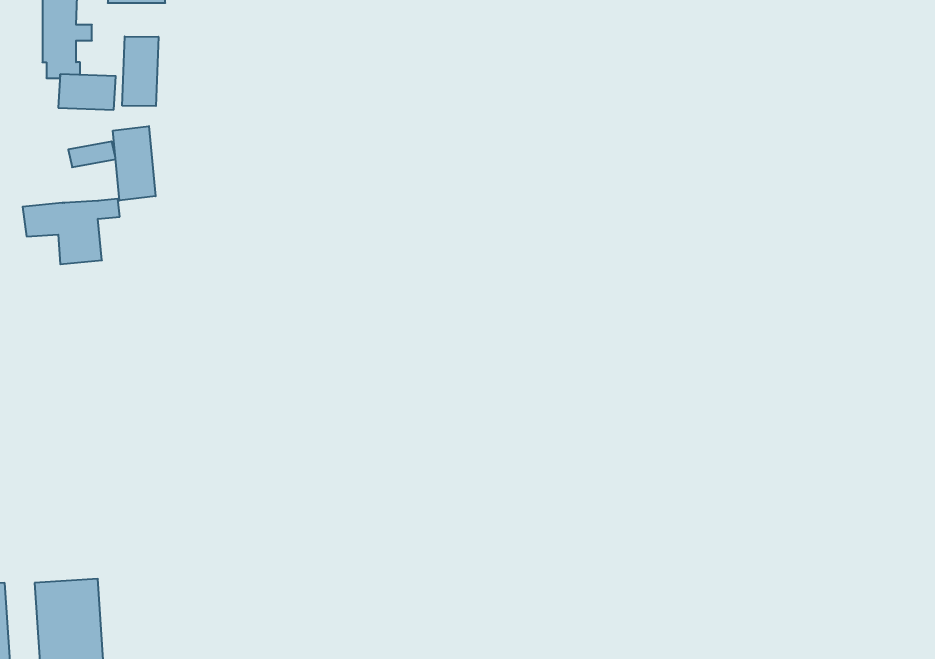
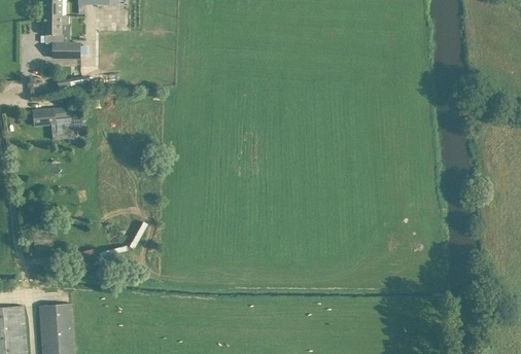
building: [122,36,158,106] -> none
building: [113,126,156,201] -> none

